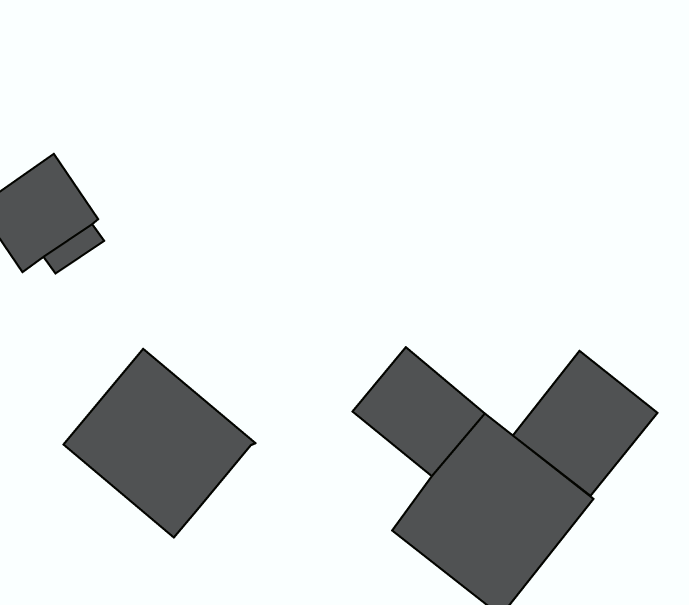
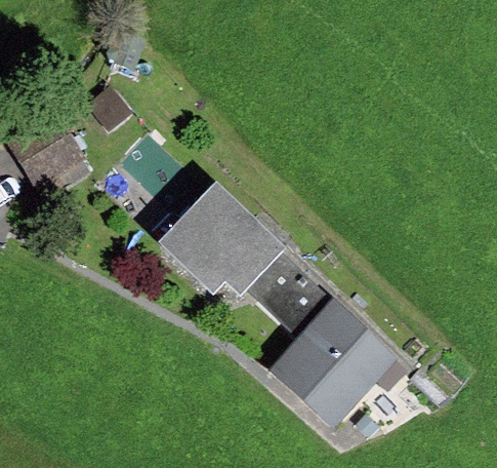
building: [63,349,255,538] -> [161,183,286,307]
building: [513,351,657,496] -> none

